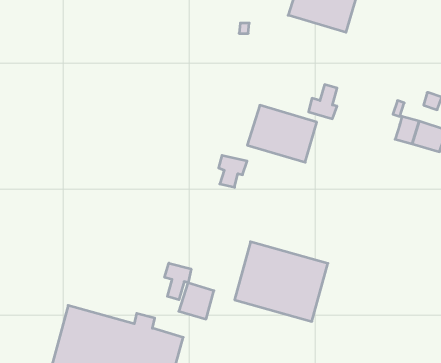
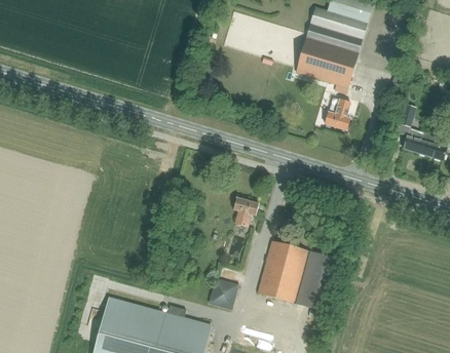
building: [247,105,317,162] -> [295,36,358,87]
building: [219,155,247,187] -> [232,198,258,227]
building: [165,263,191,300] -> none

